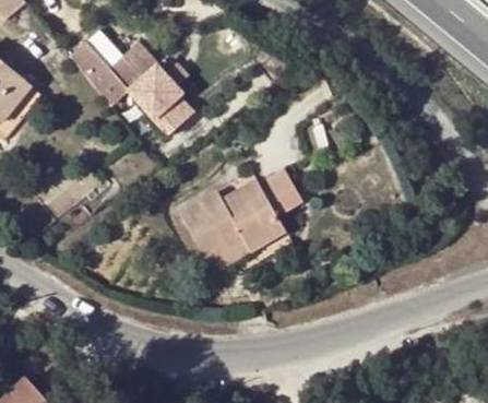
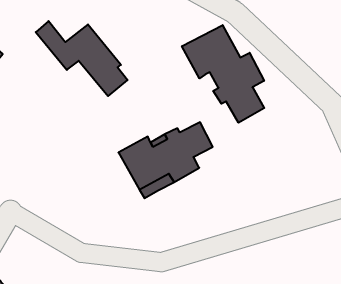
building: none -> [182,25,264,123]

